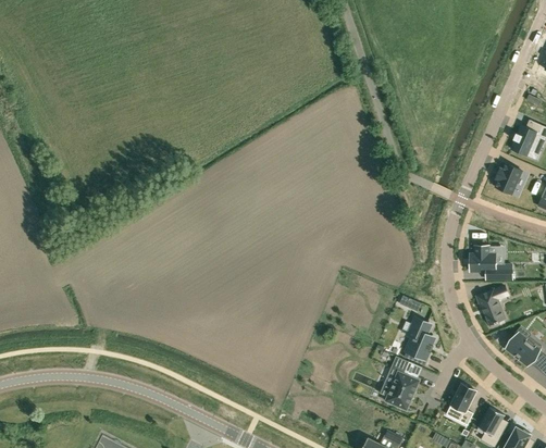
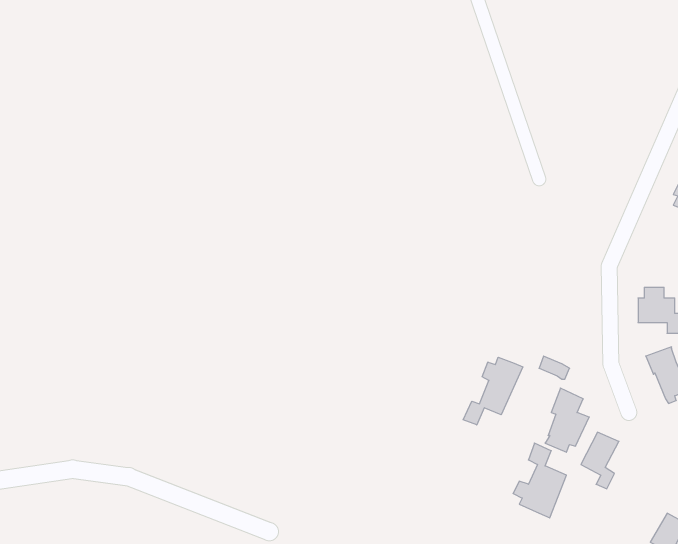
building: none -> [463,357,523,425]
building: [449,384,476,424] -> [581,432,619,489]

